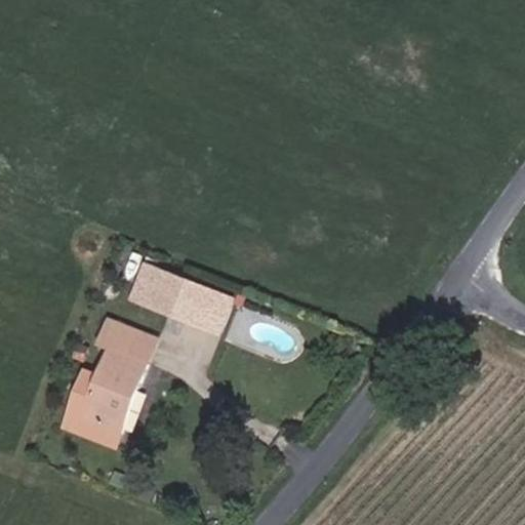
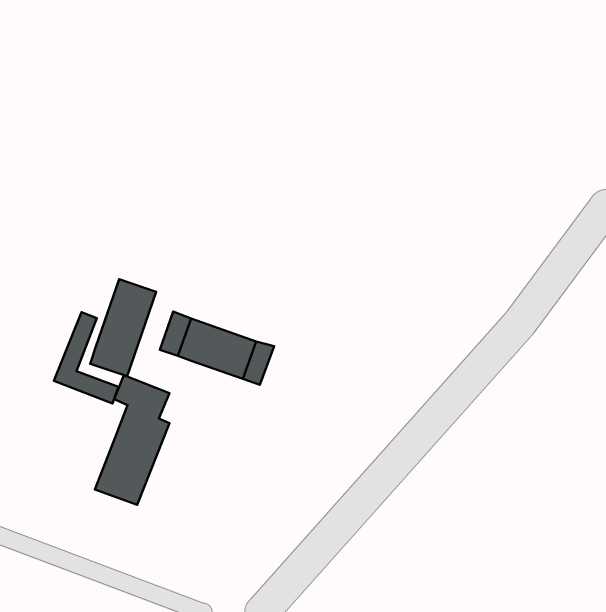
building: none -> [90,279,156,376]
building: [62,367,117,445] -> [54,312,119,404]

